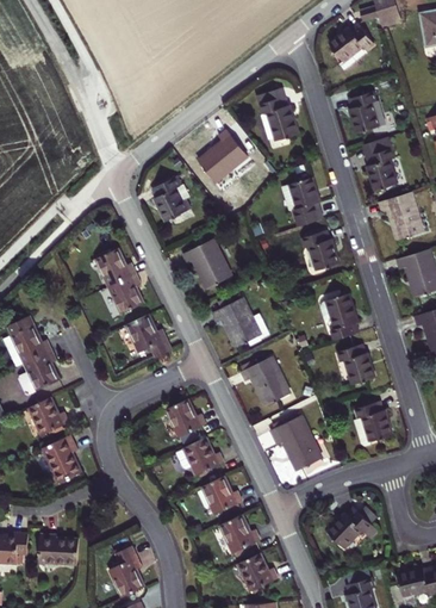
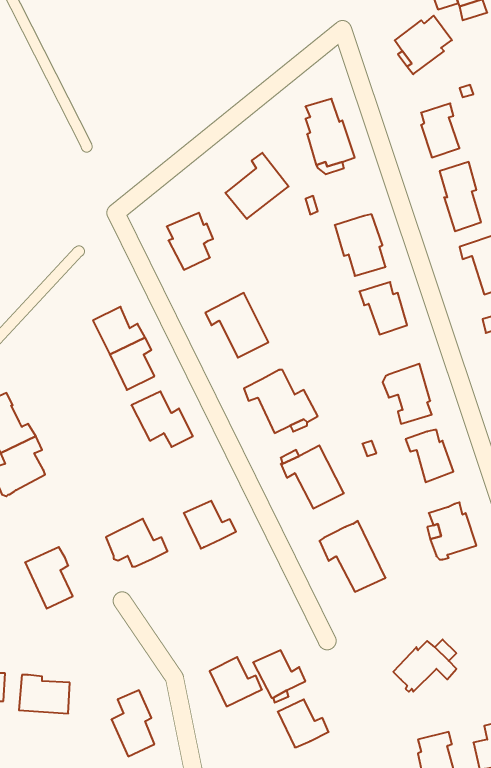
building: [29,398,69,435] -> none
building: [176,438,224,474] -> [106,519,168,567]
building: [201,476,242,514] -> [210,657,262,706]

